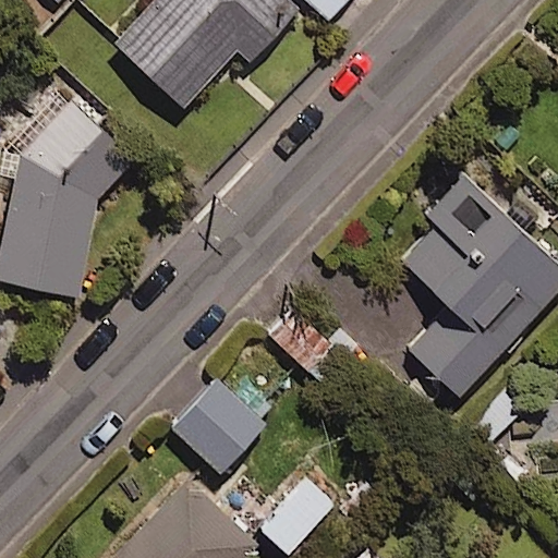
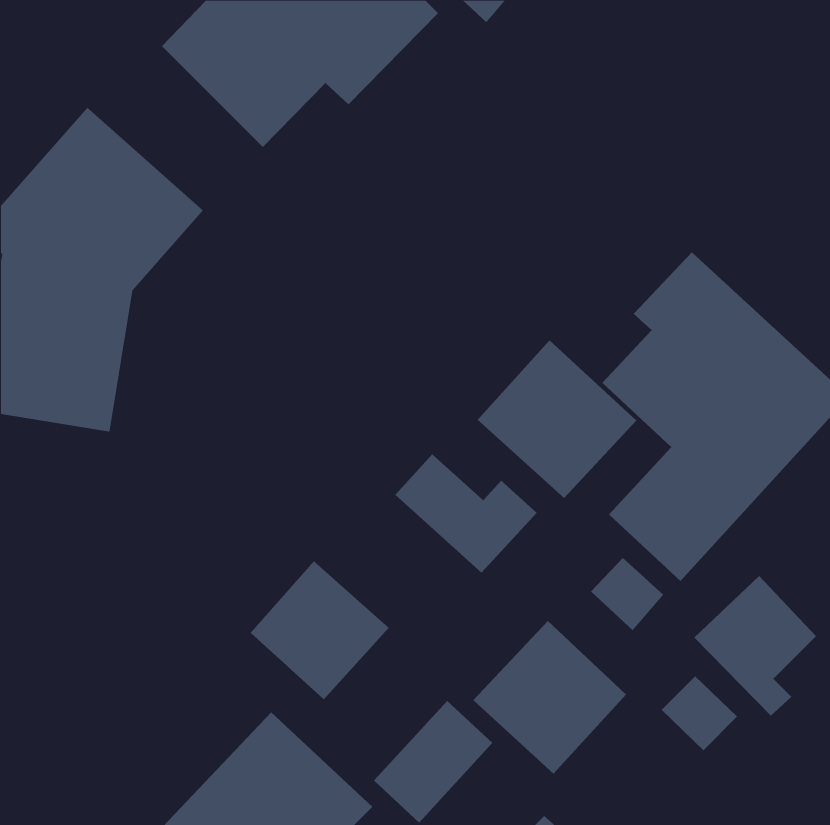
building: none -> [477,340,637,499]
building: none -> [473,620,627,775]

